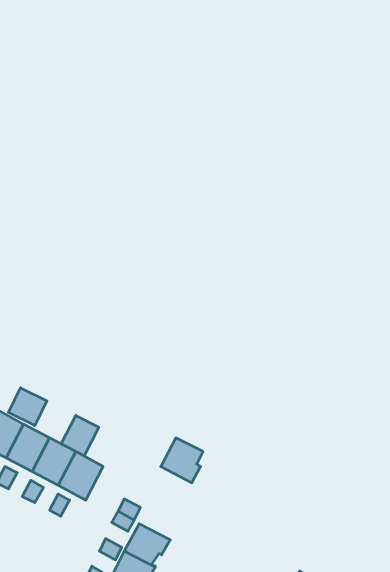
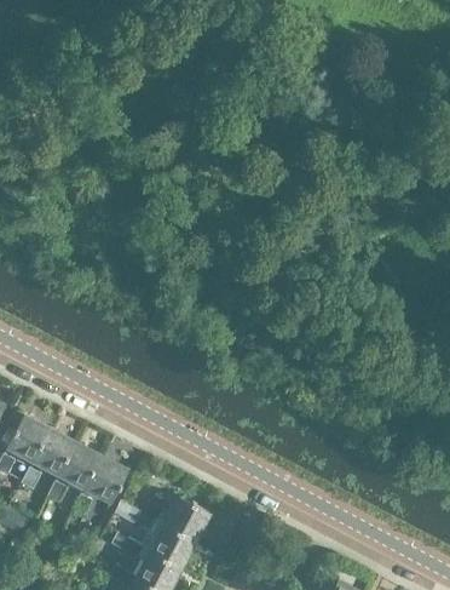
building: [8,388,47,426] -> none
building: [61,415,99,456] -> none
building: [161,438,203,483] -> [162,498,203,542]

